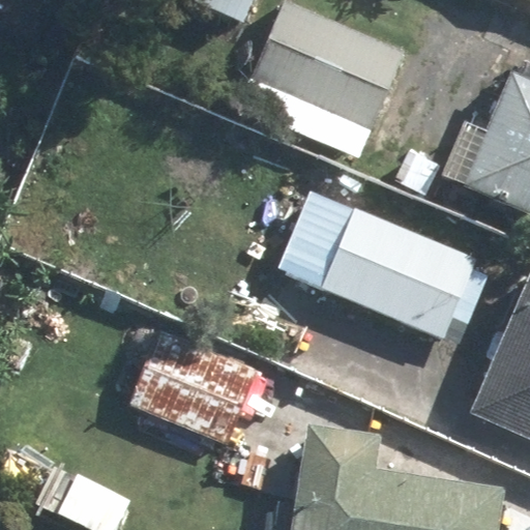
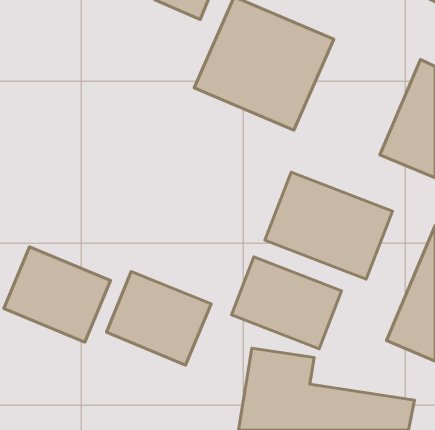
building: none -> [4,247,110,342]
building: none -> [231,257,342,349]

